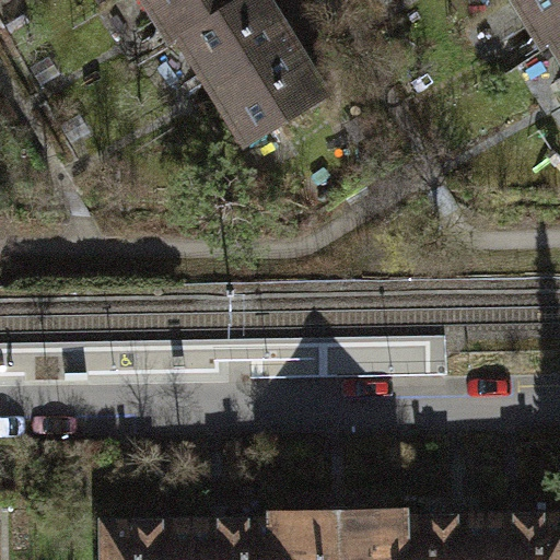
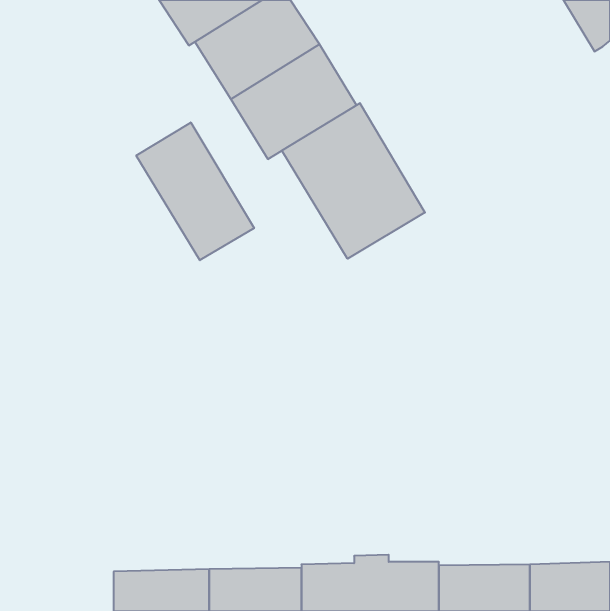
building: none -> [282,103,425,259]
building: none -> [136,122,254,260]

